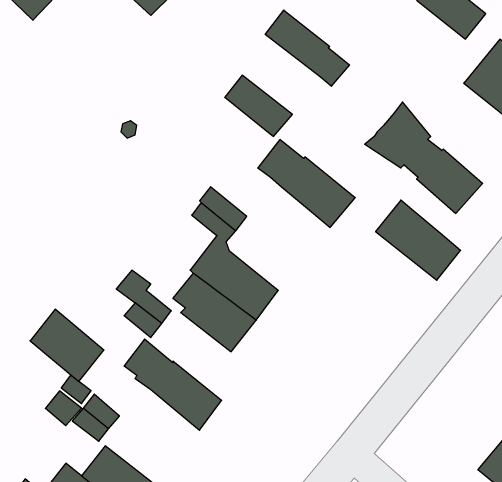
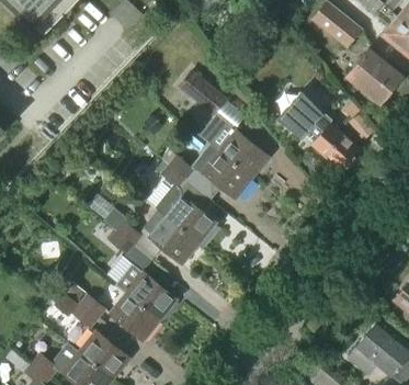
building: [265,10,349,86] -> none
building: [376,200,461,280] -> [193,144,252,200]
building: [30,309,104,382] -> [110,292,161,342]

